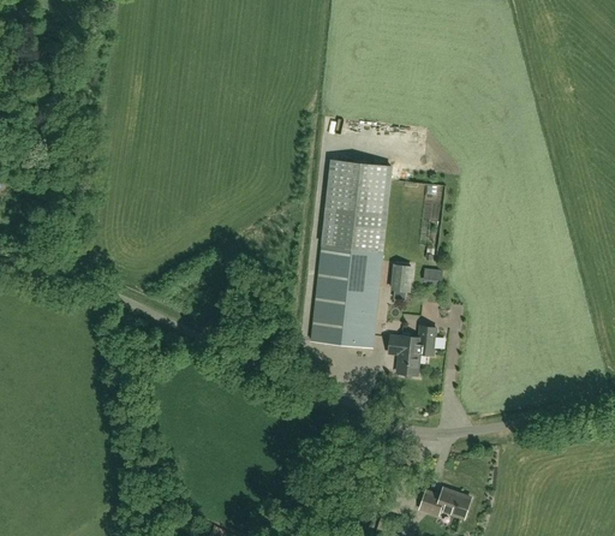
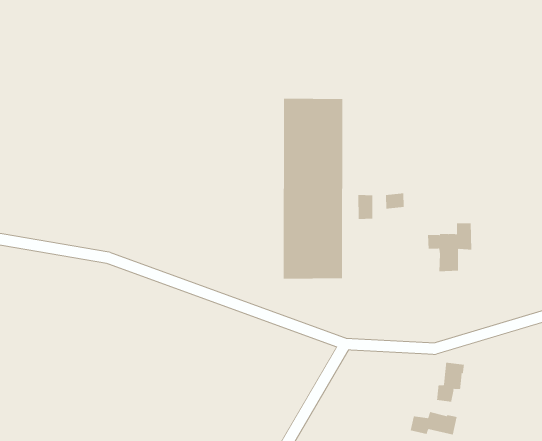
building: [388,327,435,375] -> [427,223,472,272]
building: none -> [436,362,464,402]

